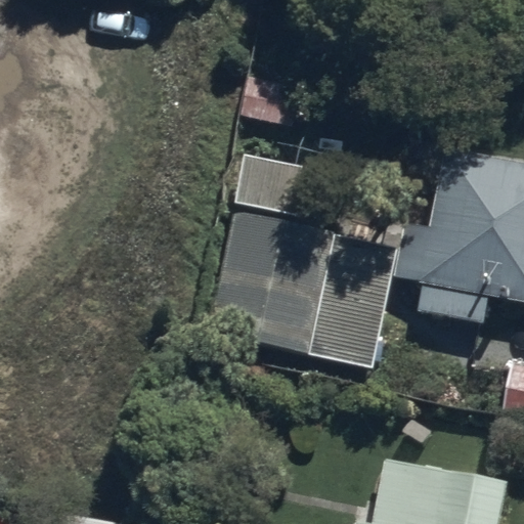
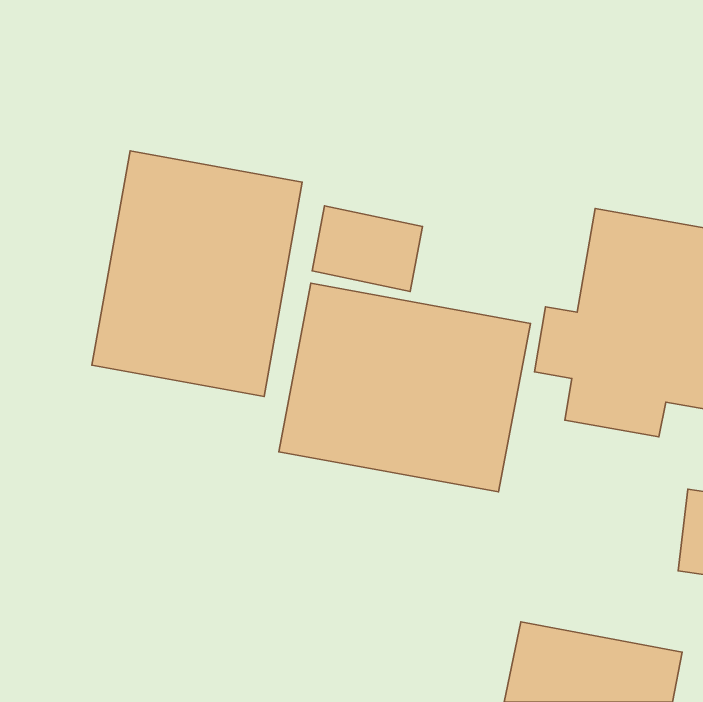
building: none -> [92,151,302,397]

